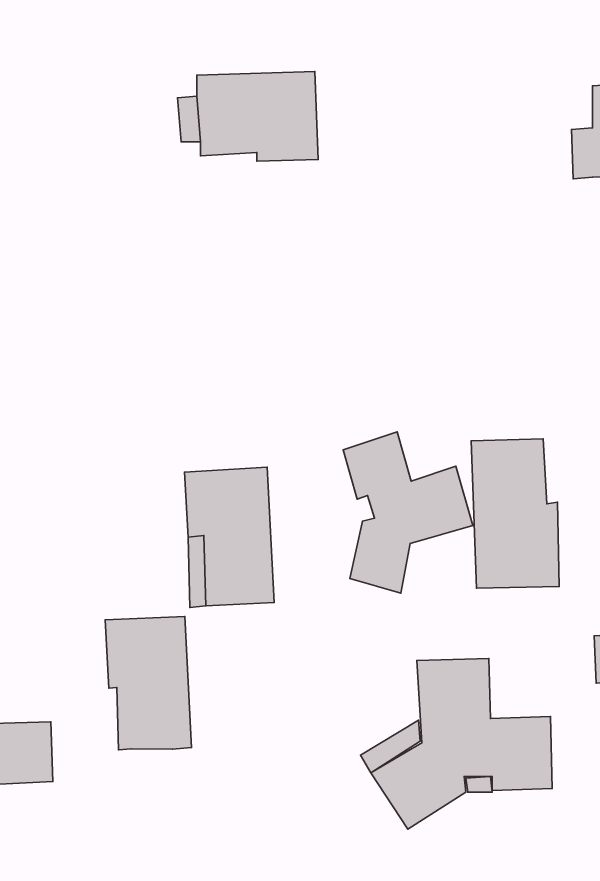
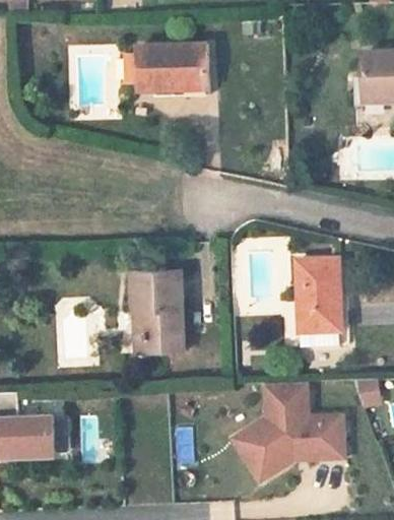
building: [343,432,473,593] -> none
building: [105,617,192,750] -> none

